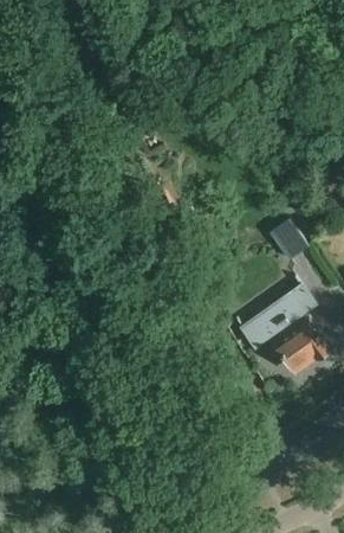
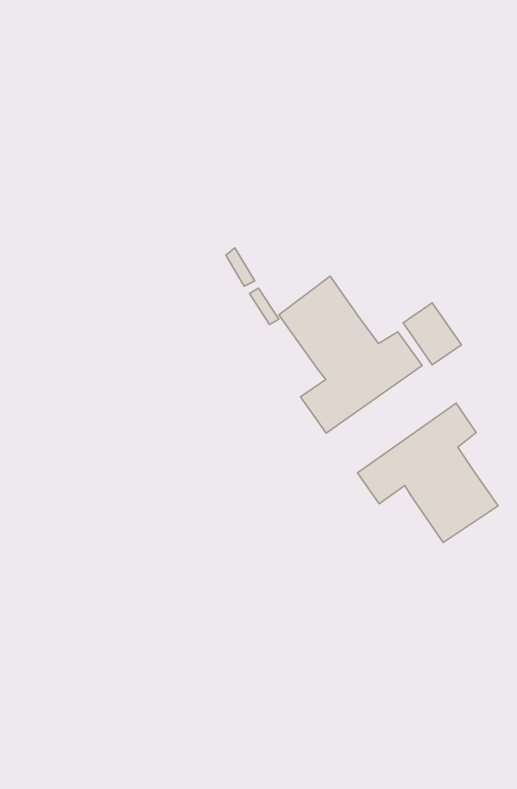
building: none -> [279,276,422,433]

